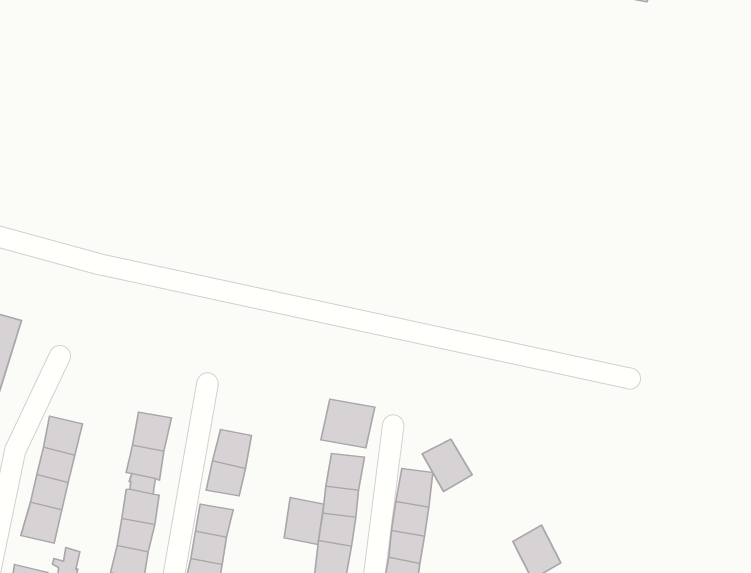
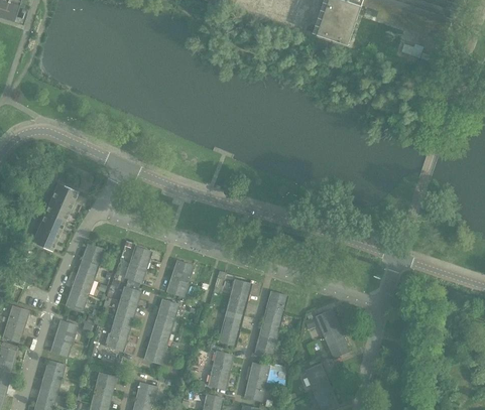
building: [321,399,375,448] -> none
building: [422,439,472,491] -> [315,310,340,337]
building: [284,497,324,545] -> none

